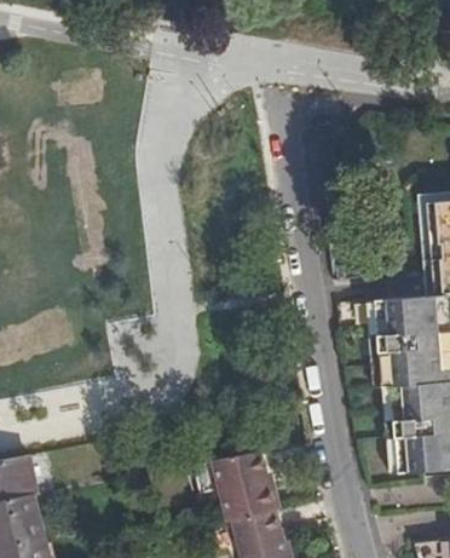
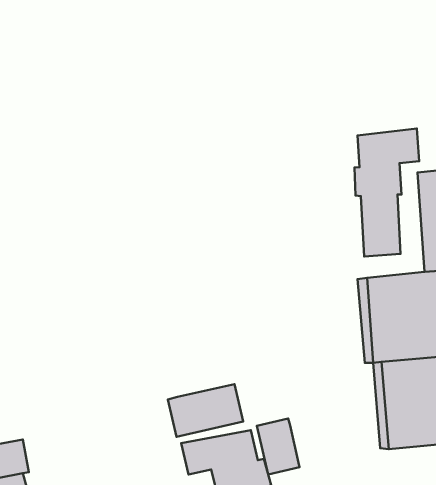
building: none -> [354,129,419,257]
building: none -> [168,384,243,437]
building: none -> [257,418,299,475]

